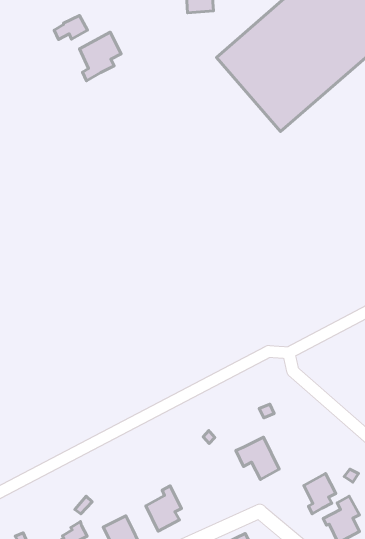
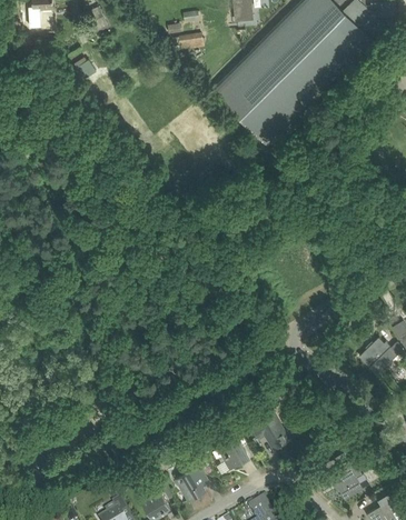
building: [79,32,121,81] -> none
building: none -> [217,437,249,469]
building: [304,473,336,514] -> none

